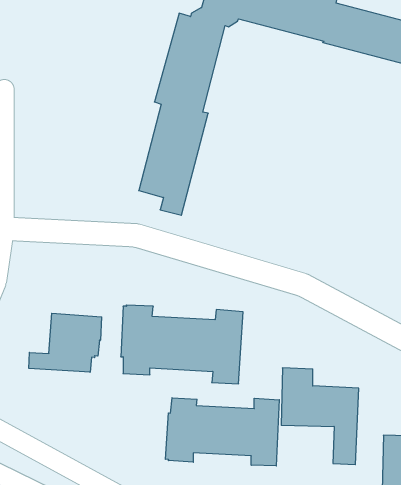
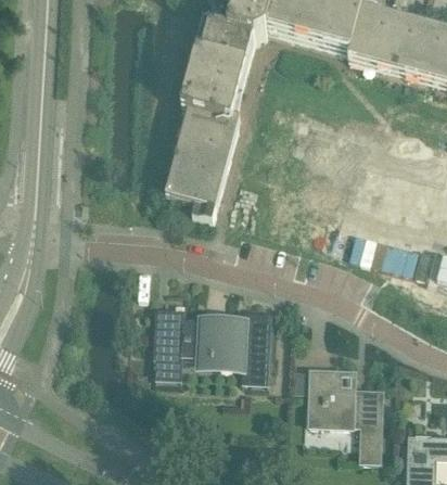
building: [29,313,102,372] -> none
building: [165,398,279,466] -> none

